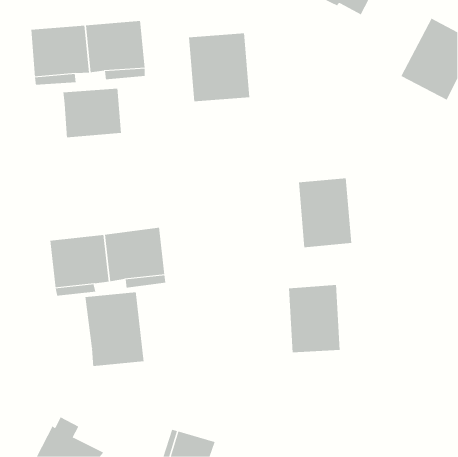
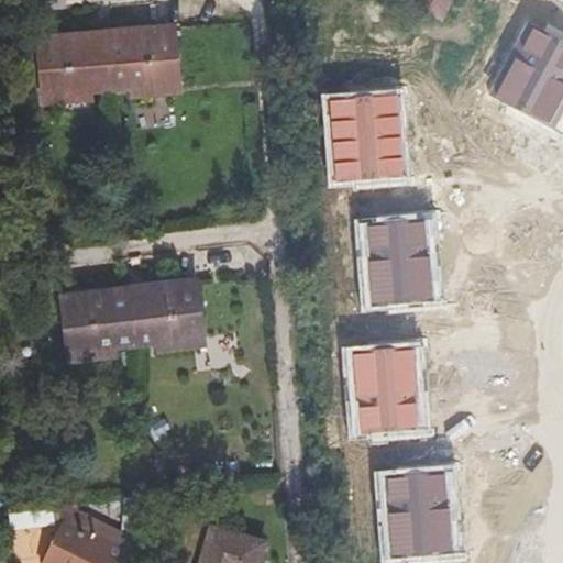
building: [188,33,250,102] -> [328,93,404,178]
building: [63,88,122,138] -> none
building: [85,292,144,367] -> none
building: none -> [384,470,450,554]

